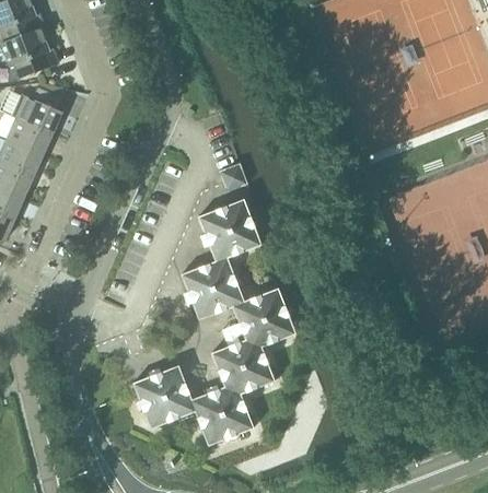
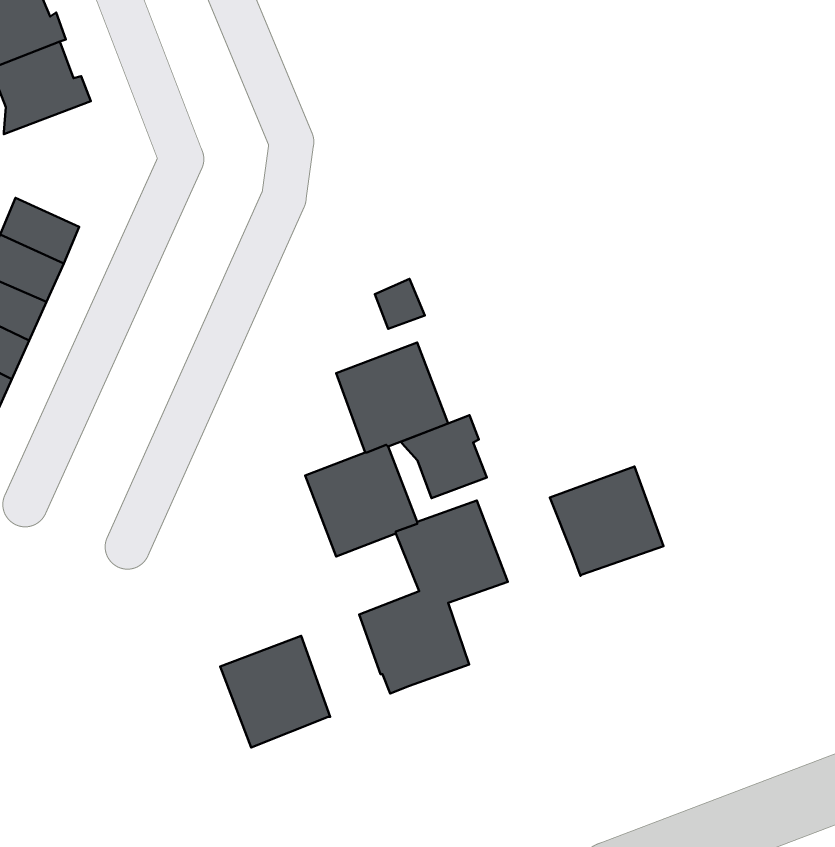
building: [11,81,67,133] -> none
building: none -> [401,415,487,498]
building: none -> [550,467,664,576]
building: [189,387,252,446] -> none

